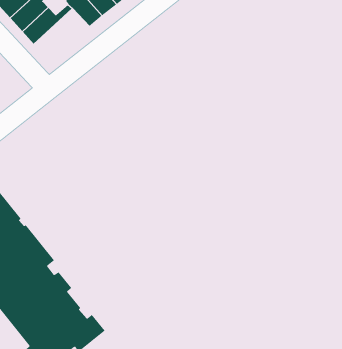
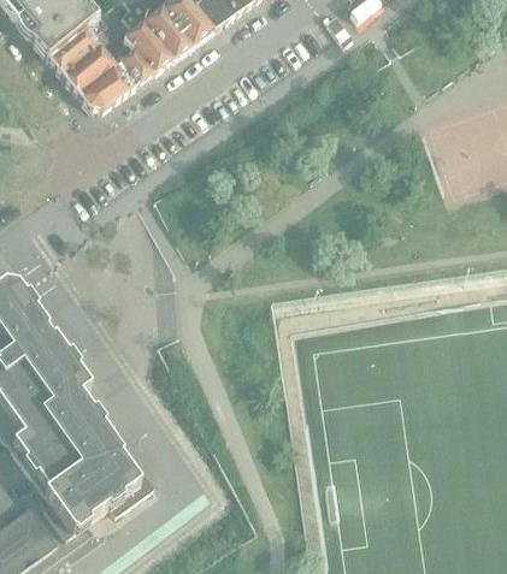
building: none -> [79,41,157,103]

